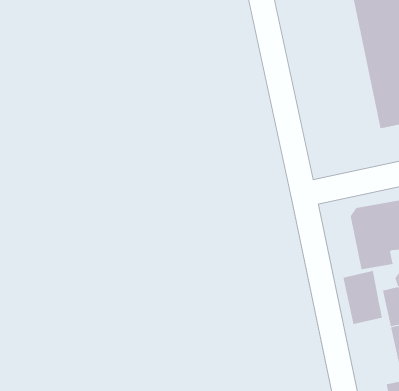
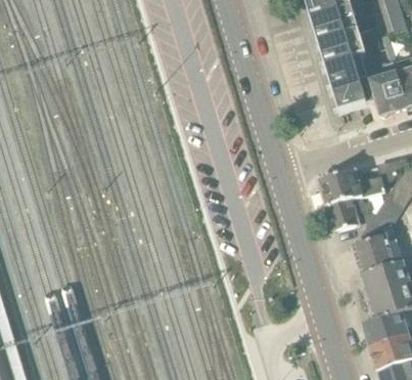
building: [343,270,382,325] -> none

